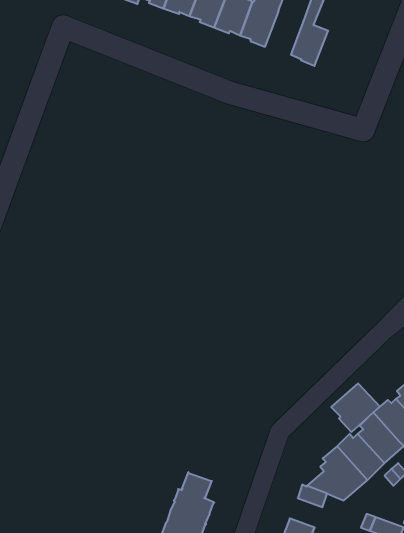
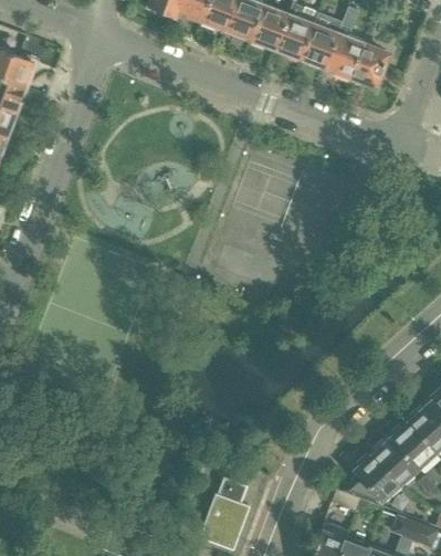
building: none -> [301,25,338,67]
building: none -> [349,44,389,86]
building: [331,383,380,432] -> none

